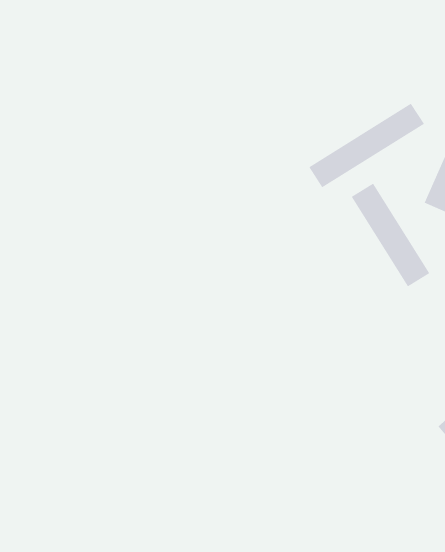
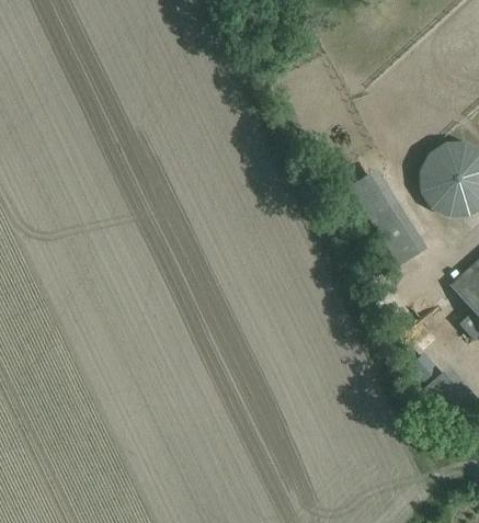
building: [308,103,425,188] -> none

